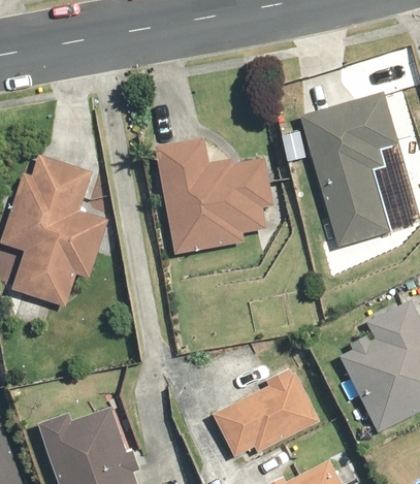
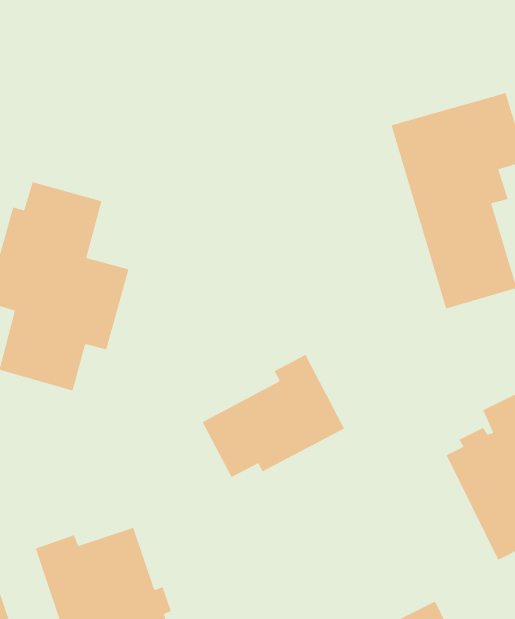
building: [154,136,271,257] -> none
building: [214,366,319,457] -> [201,354,345,478]

